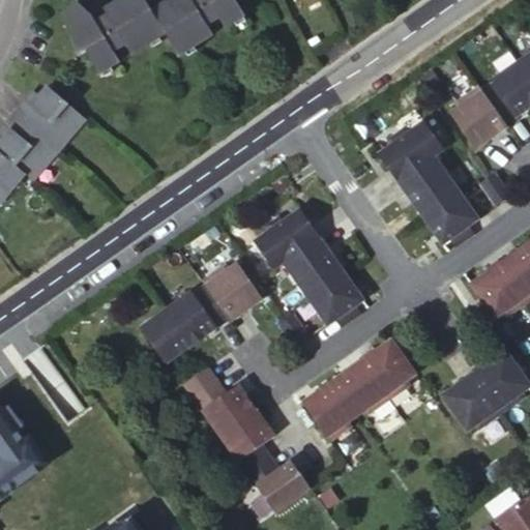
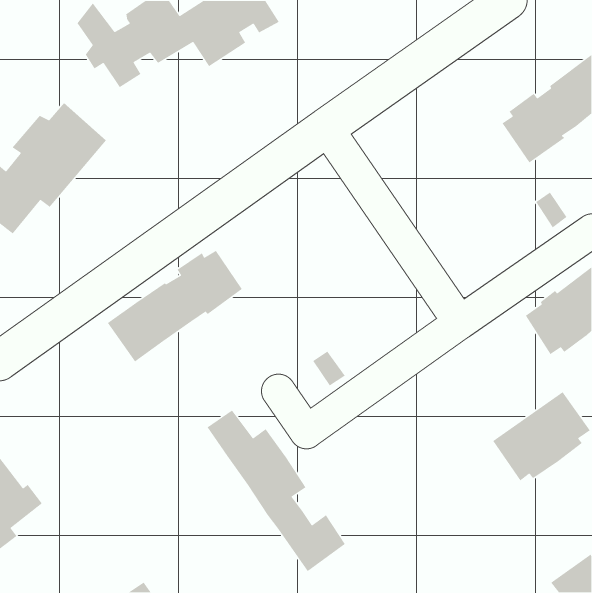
building: [378,119,475,244] -> none
building: [255,206,361,324] -> none
building: [141,260,262,360] -> [107,250,243,362]
building: [301,337,413,439] -> none

